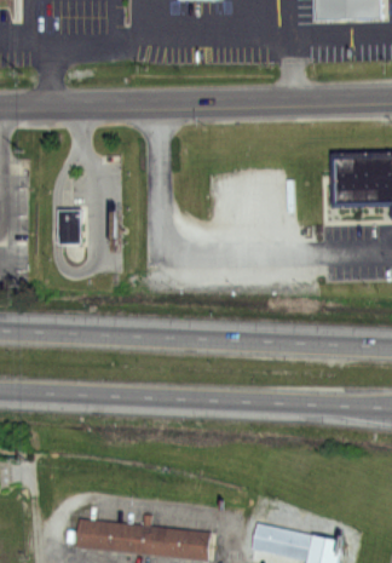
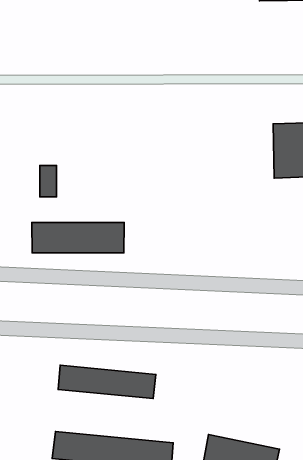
building: none -> [32,222,124,253]
building: none -> [58,365,156,399]

